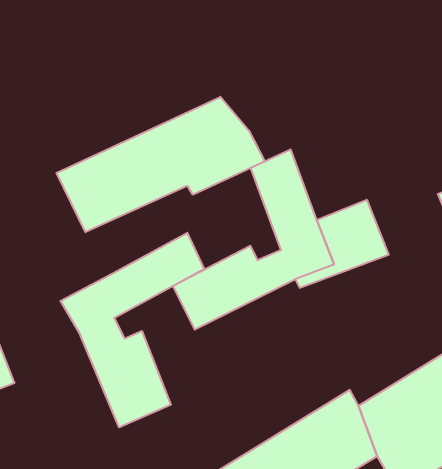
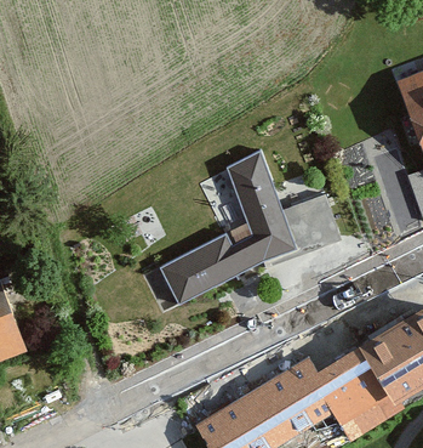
building: [56,97,265,232] -> none
building: [60,233,204,427] -> none

